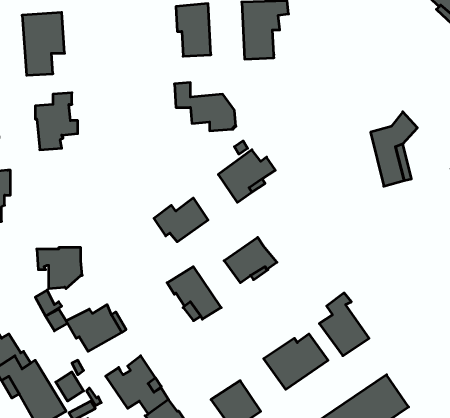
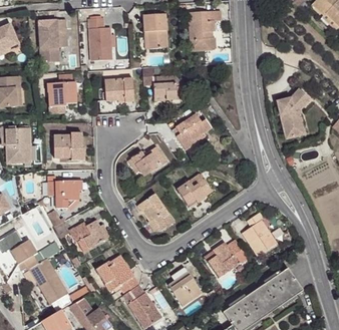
building: none -> [88,18,112,61]
building: none -> [102,78,134,102]
building: none -> [53,132,82,160]

